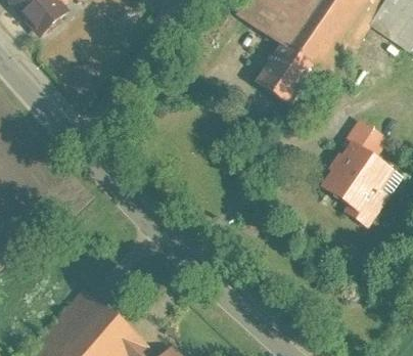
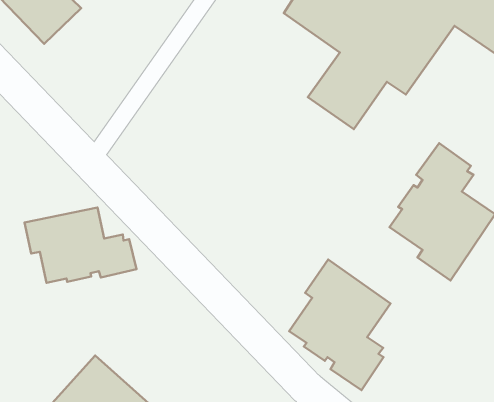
building: none -> [25,207,136,283]
building: none -> [289,259,390,390]

